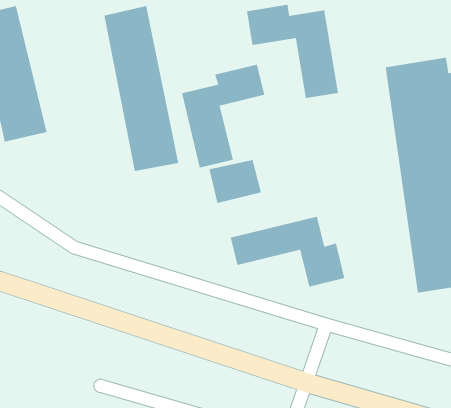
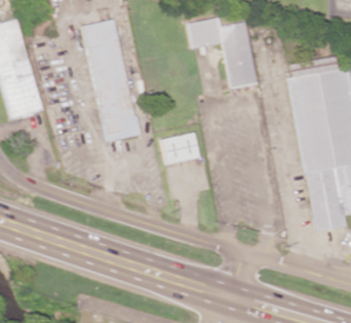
building: [181,64,265,169] -> none
building: [230,216,345,287] -> none

